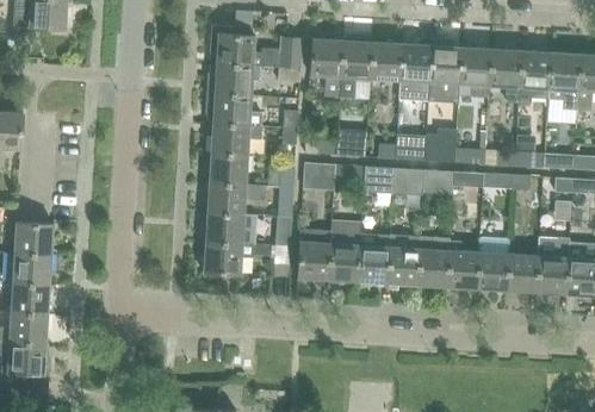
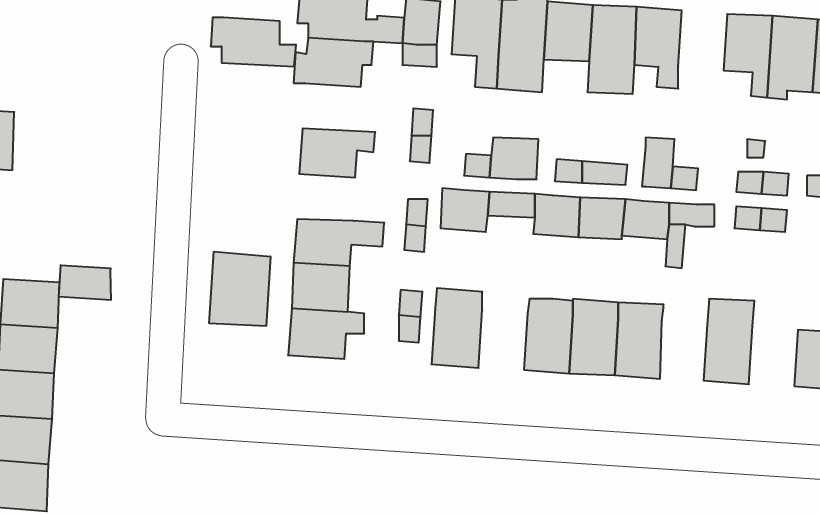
building: [459,46,491,98] -> none
building: [205,94,261,126] -> [211,17,296,66]
building: [209,154,247,185] -> none
building: none -> [209,252,270,326]
building: none -> [59,265,111,300]
building: [328,221,361,282] -> none
building: [447,242,478,289] -> none
building: [506,254,538,293] -> none

